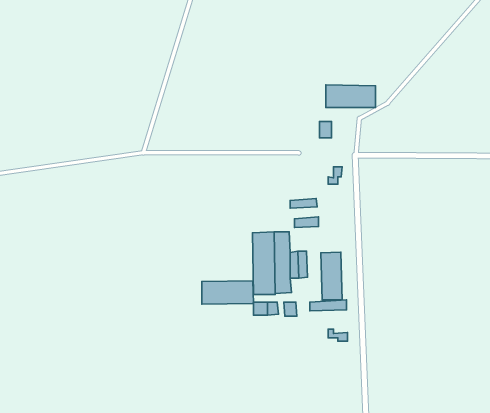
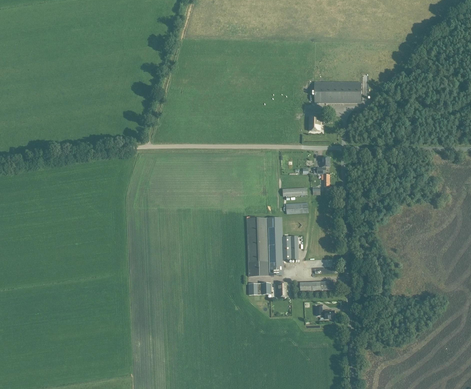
building: [321,252,342,300] -> none
building: [202,281,254,304] -> none

